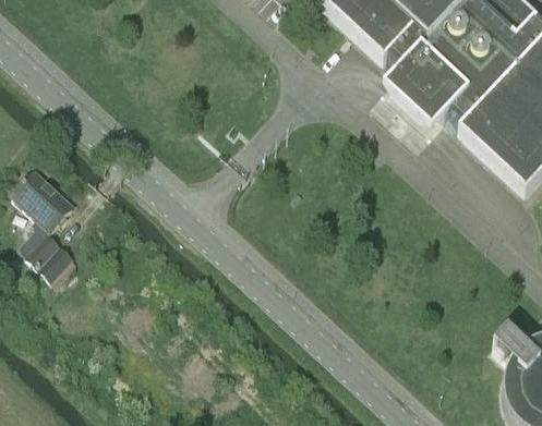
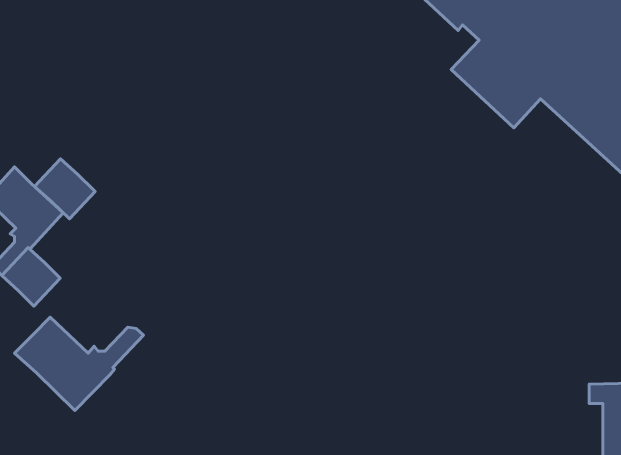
building: none -> [35,159,95,219]
building: none -> [15,317,143,410]

